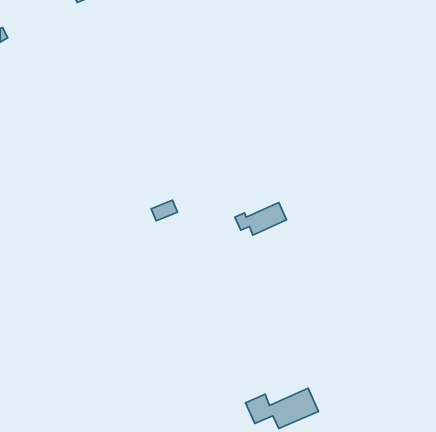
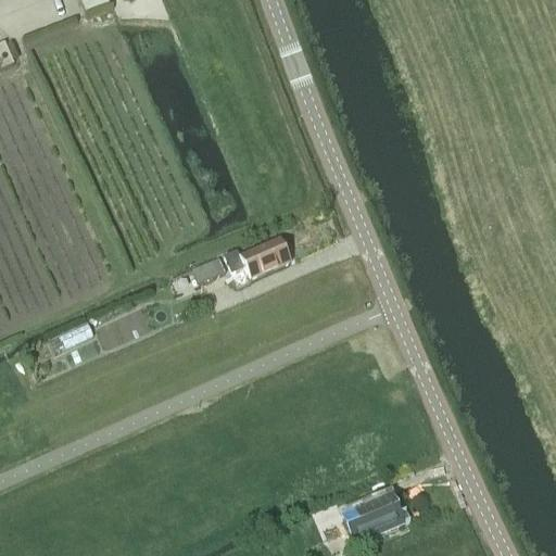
building: [235,203,286,235] -> [227,236,292,277]

